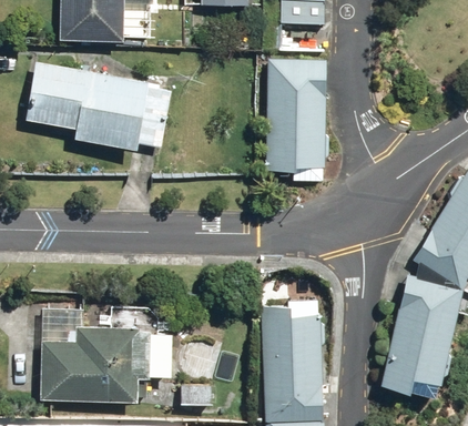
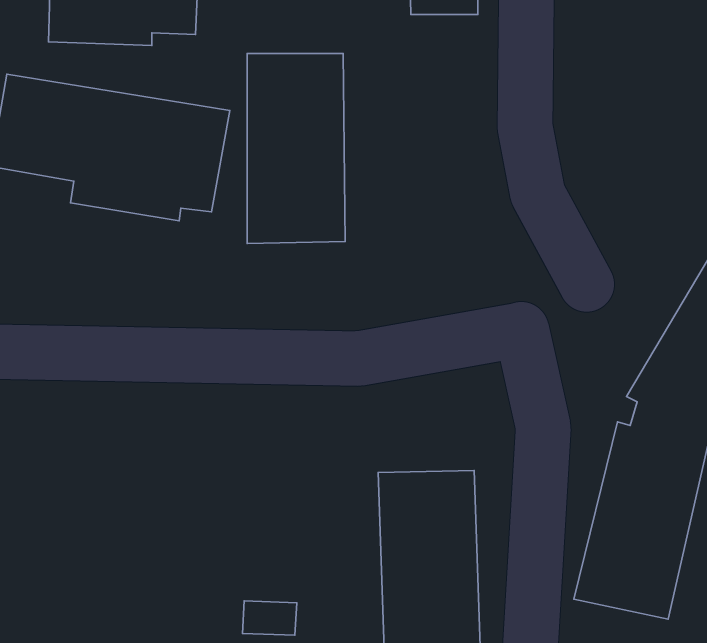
building: [267,58,327,174] -> [247,53,345,243]
building: [37,326,172,403] -> none

